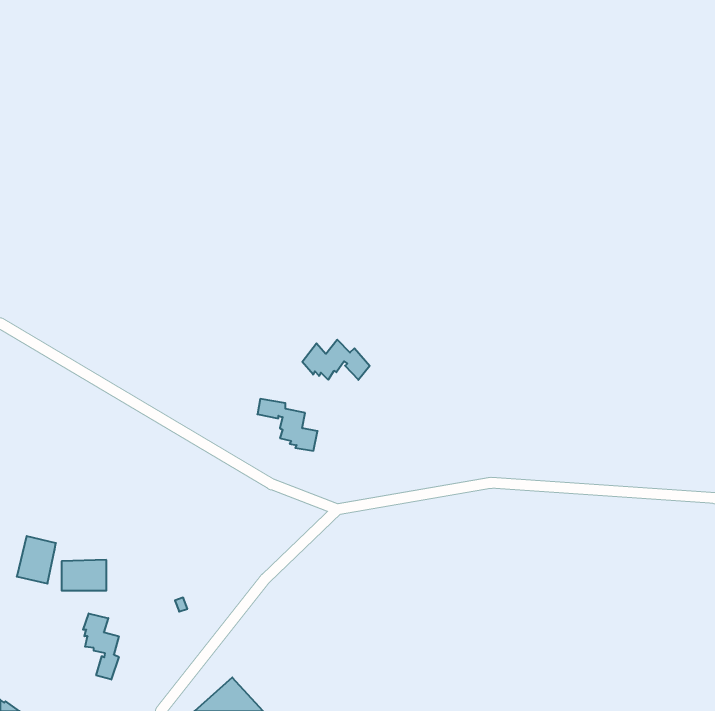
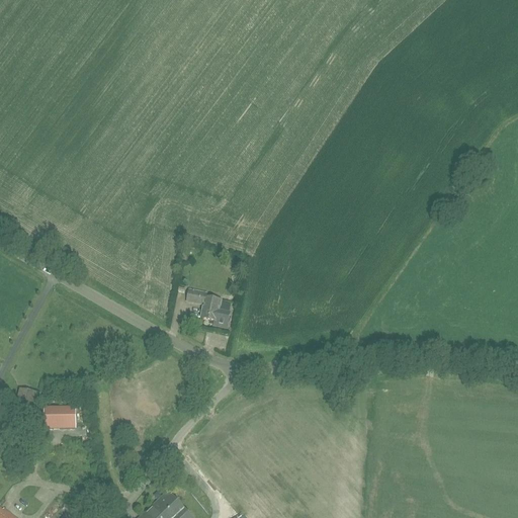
building: [302,340,370,380] -> none
building: [83,613,119,680] -> none

